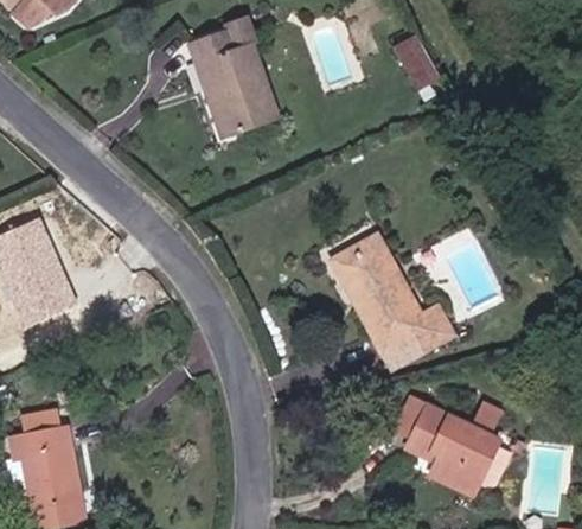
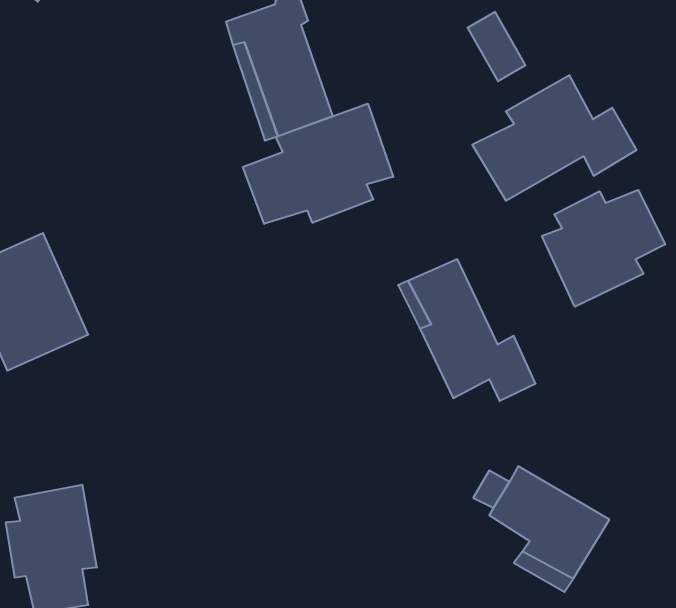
building: none -> [472,75,636,201]
building: none -> [243,104,393,224]
building: none -> [542,190,665,307]

